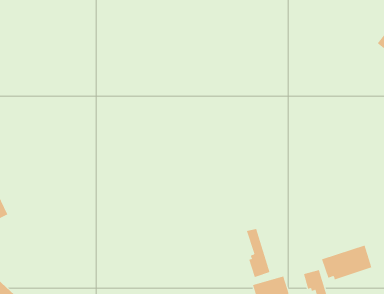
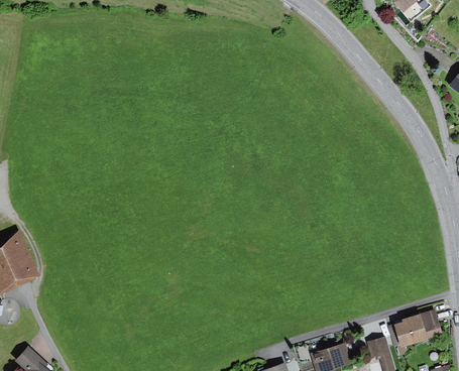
building: [246,228,270,278] -> none

